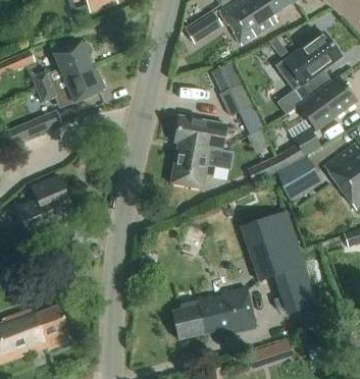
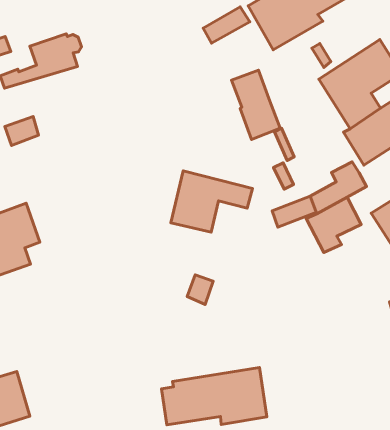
building: [38,67,107,108] -> none
building: [173,116,225,151] -> none
building: [239,212,316,316] -> none

